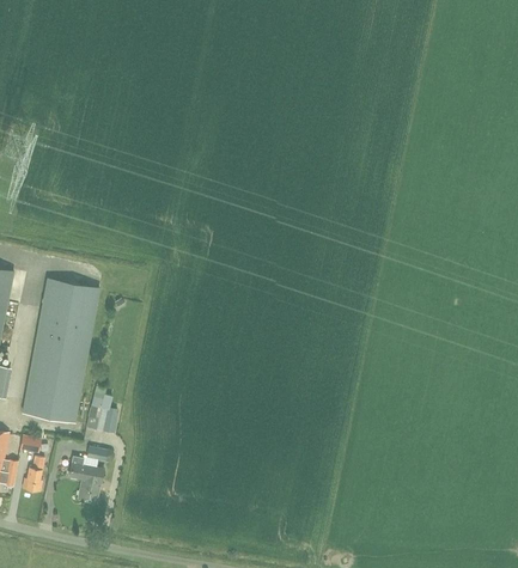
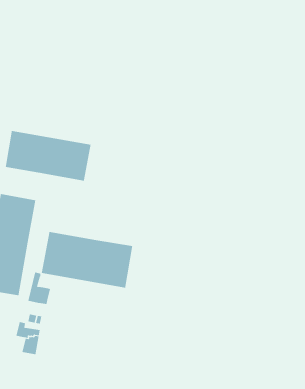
building: none -> [5,130,91,181]
building: none -> [41,231,133,289]

